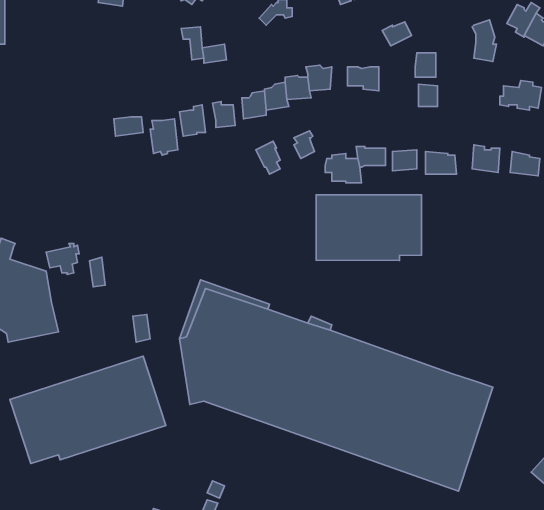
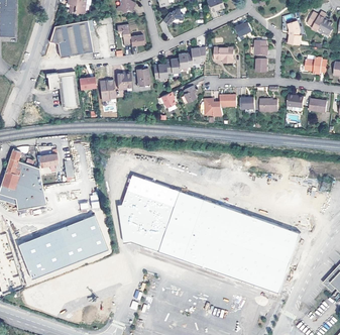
building: none -> [48,20,92,58]
building: none -> [45,70,78,106]
building: [316,195,421,260] -> none

